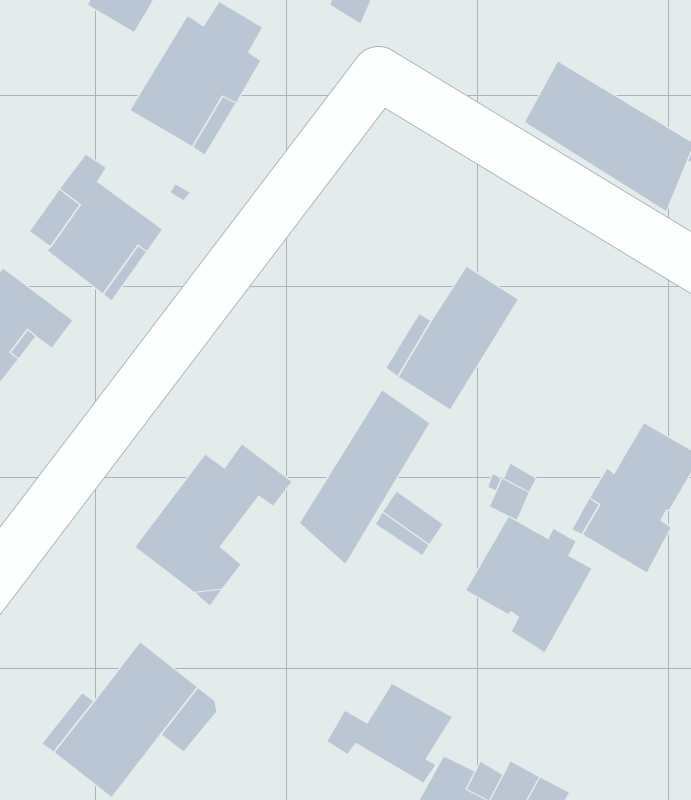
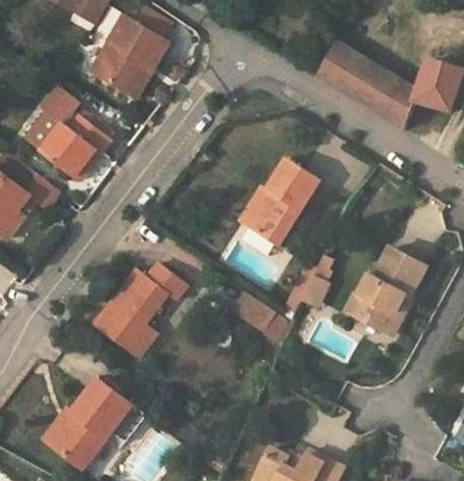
building: [299,389,430,565] -> none
building: [466,516,592,653] -> none
building: [327,683,453,784] -> none

